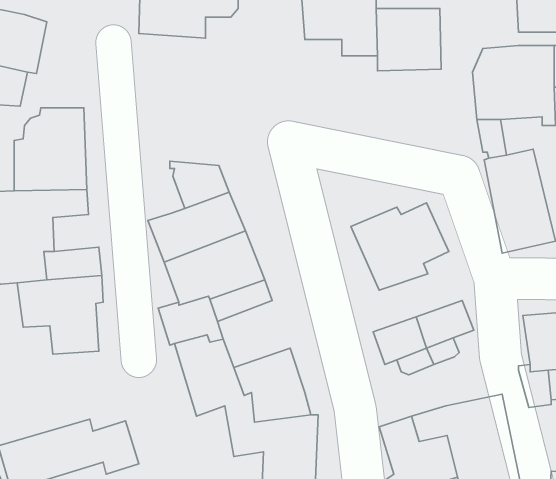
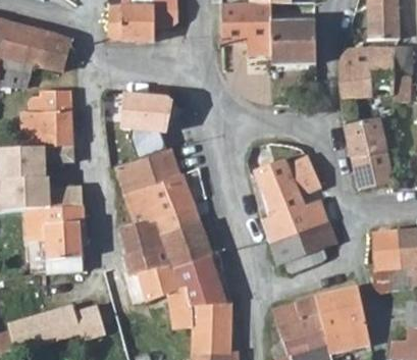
building: none -> [37,30,67,70]
building: none -> [122,93,170,128]
building: none -> [260,198,329,243]
building: none -> [161,221,211,267]

